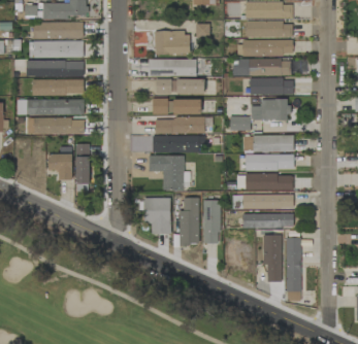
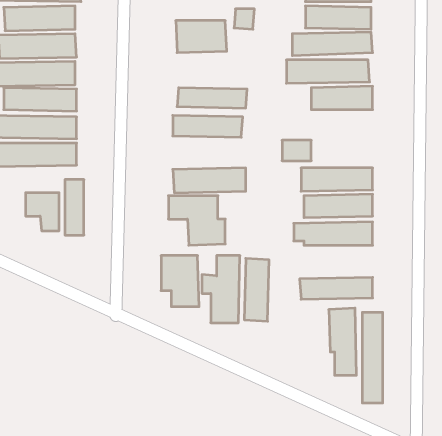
building: [149,59,201,76] -> none
building: [252,98,289,119] -> none
building: [156,116,204,133] -> none
building: [242,194,294,208] -> none

